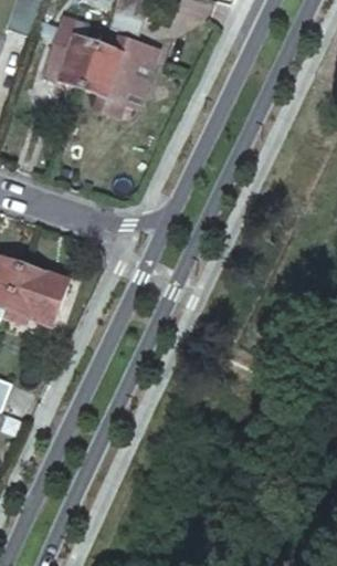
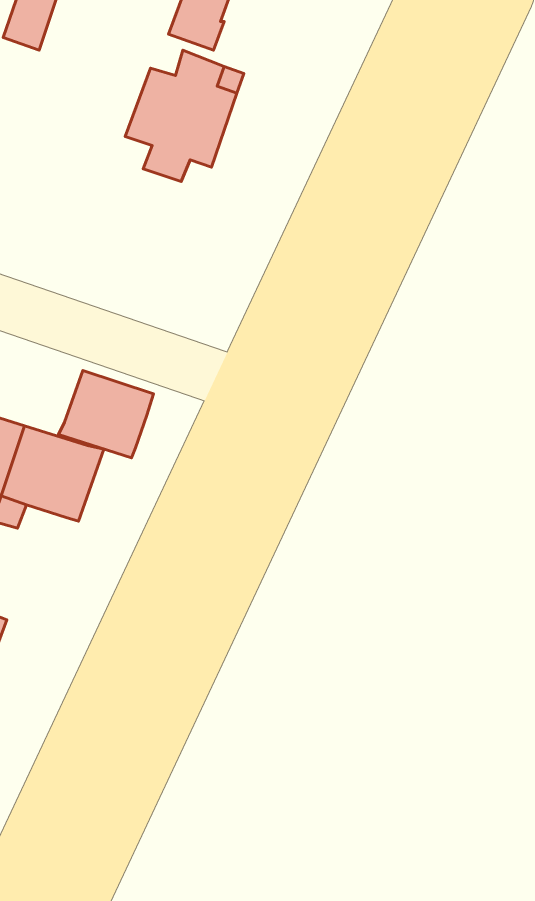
building: [42,21,99,85] -> none
building: none -> [58,370,153,458]

